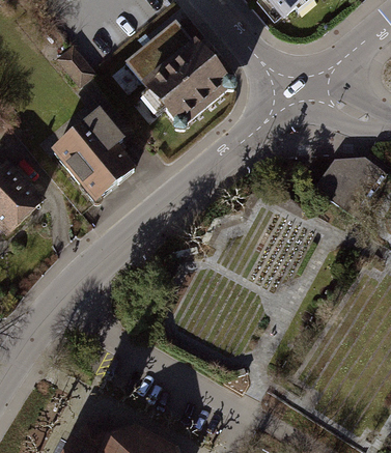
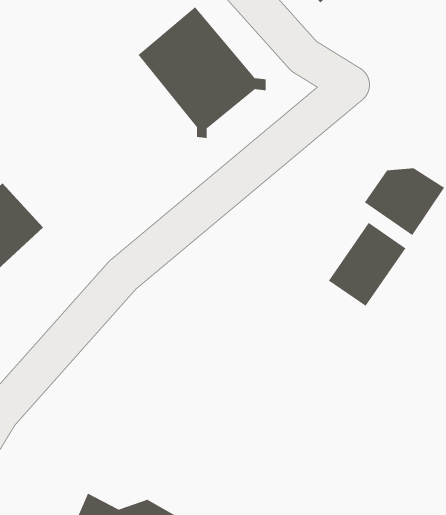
building: [52,111,133,199] -> none
building: none -> [328,222,407,307]

